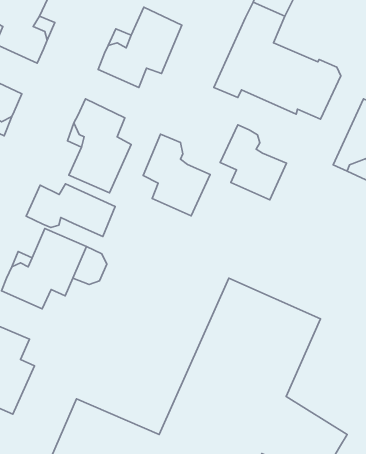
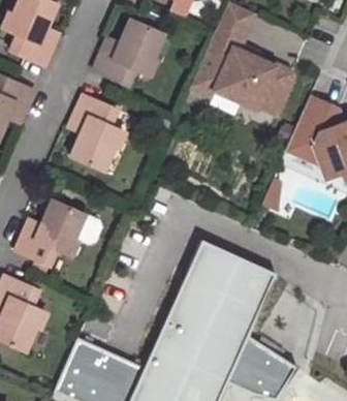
building: [220,125,287,200] -> none
building: [143,134,210,216] -> none
building: [26,184,115,236] -> none

